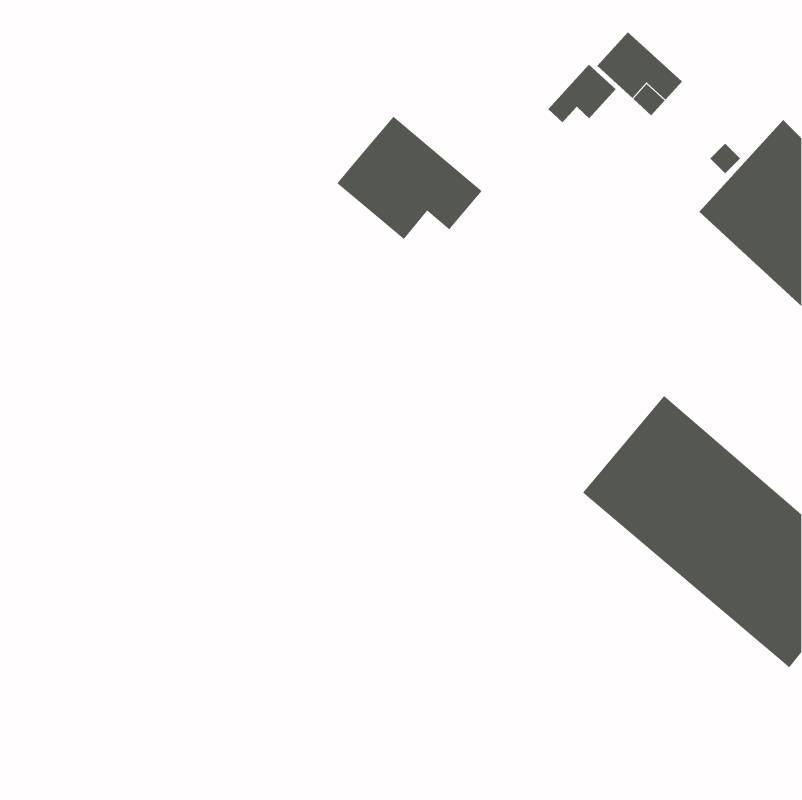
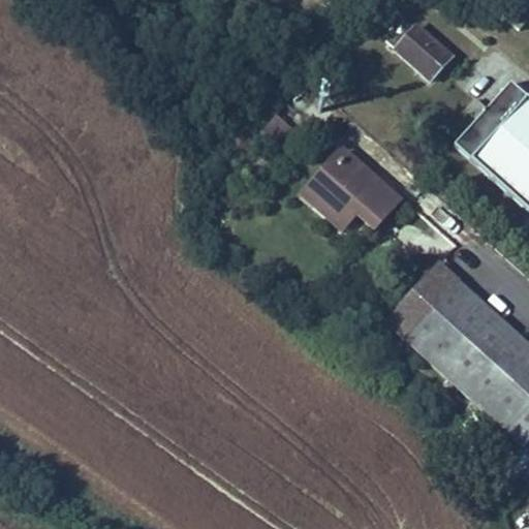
building: [547,64,617,123] -> none
building: [337,116,483,240] -> [301,151,397,232]

